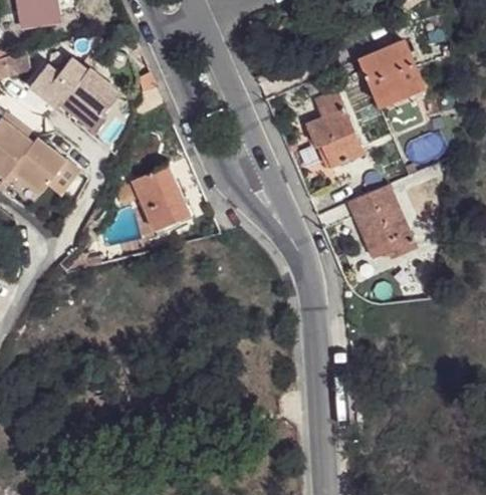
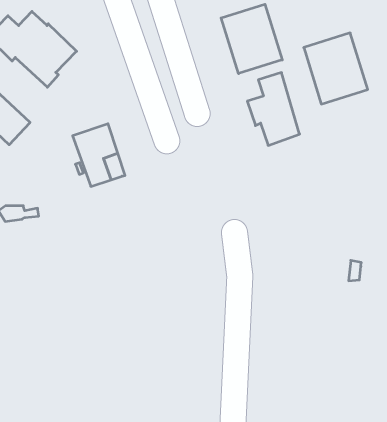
building: none -> [221,4,282,74]
building: [346,185,414,260] -> none

